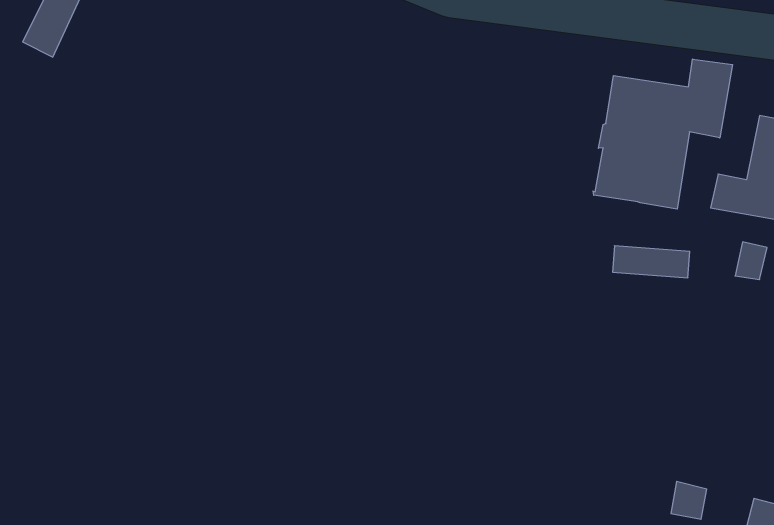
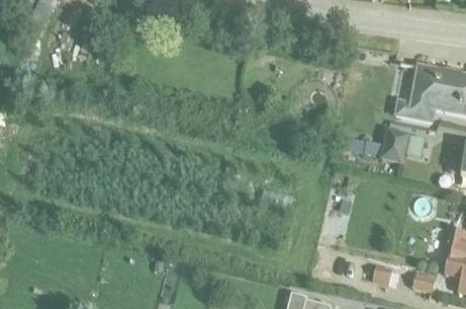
building: [593,59,733,209] -> none
building: none -> [382,128,408,161]

